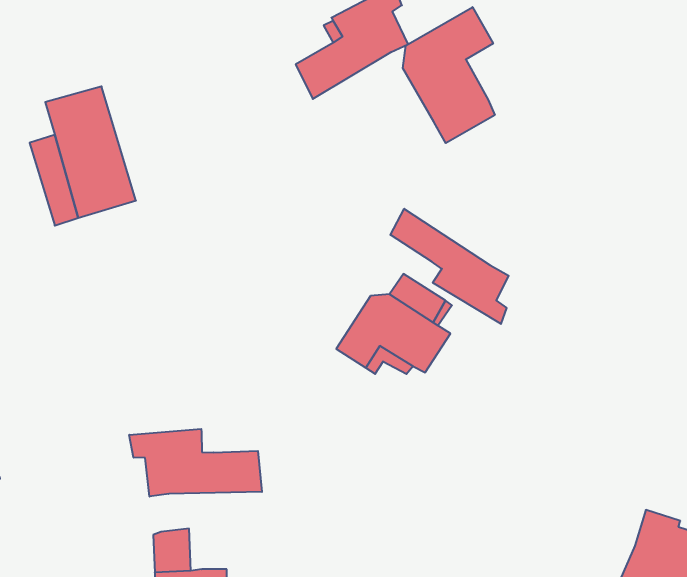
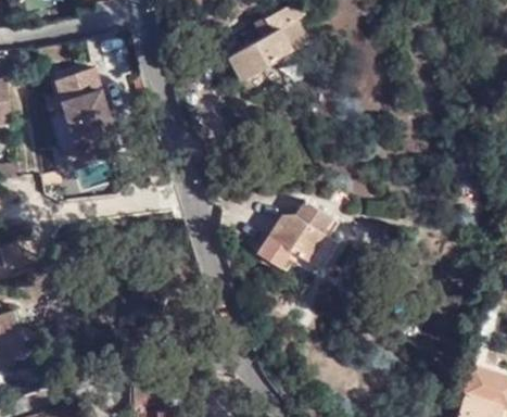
building: [403,7,495,143] -> none
building: [390,209,509,324] -> none
building: [129,429,262,497] -> none

